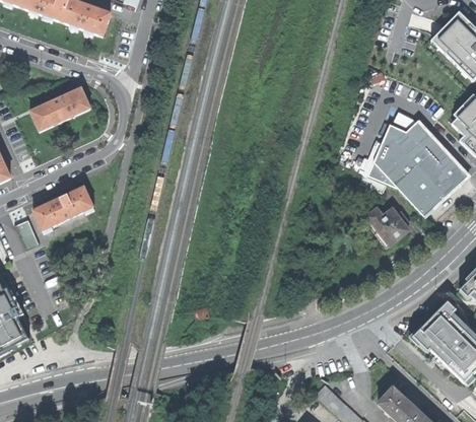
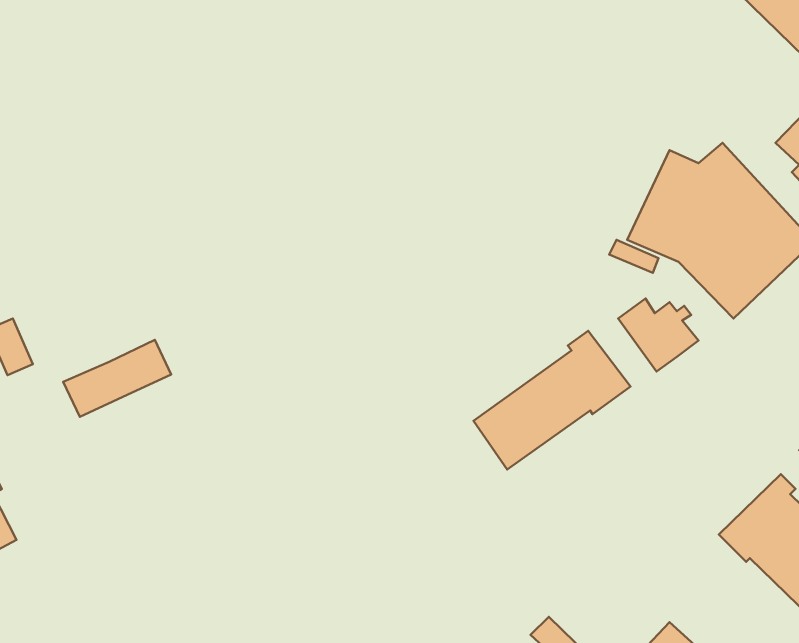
building: [29,86,89,129] -> none
building: [31,186,91,228] -> [63,340,171,417]
building: none -> [473,331,630,470]

